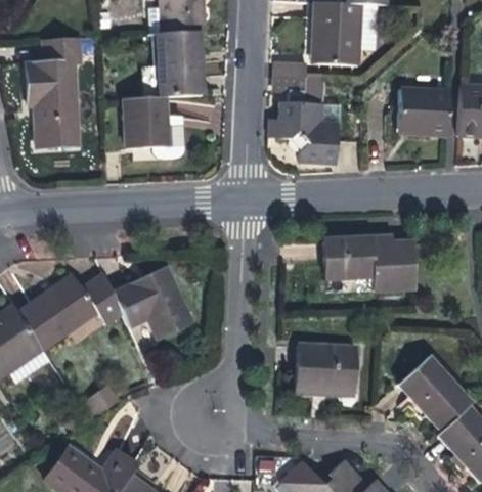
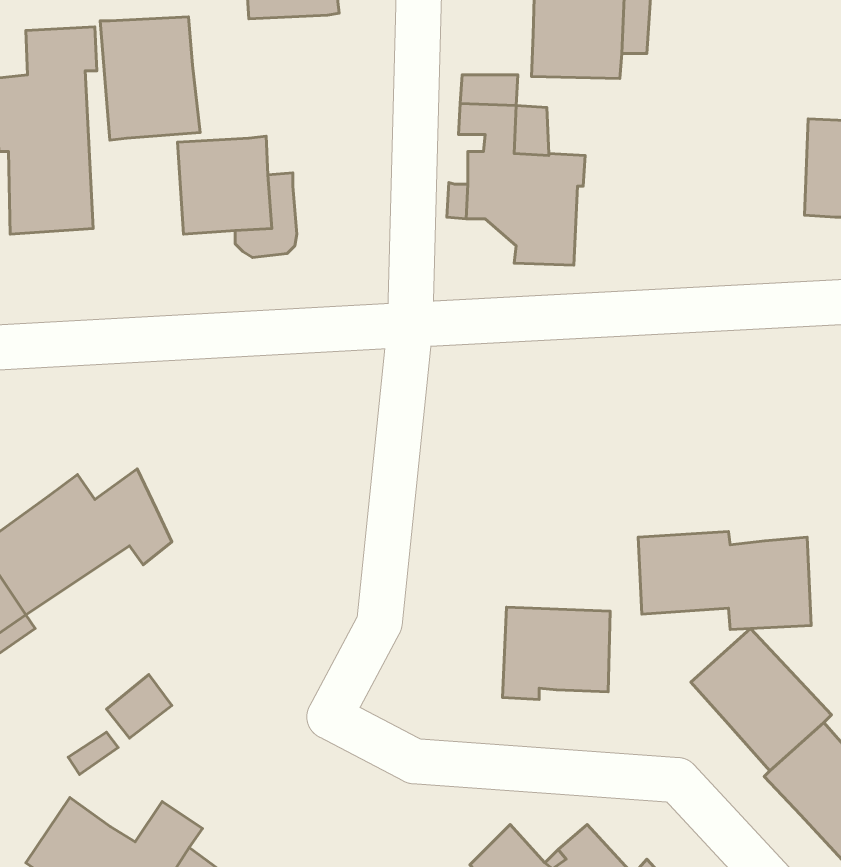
building: [157,30,210,95] -> [100,17,200,140]
building: [398,87,448,135] -> none
building: [324,236,417,288] -> [638,531,811,629]
building: [113,268,192,339] -> none

